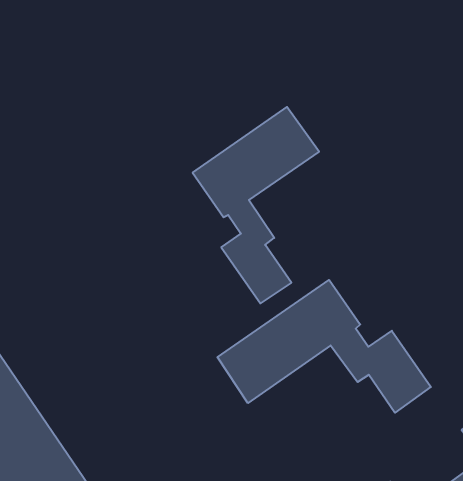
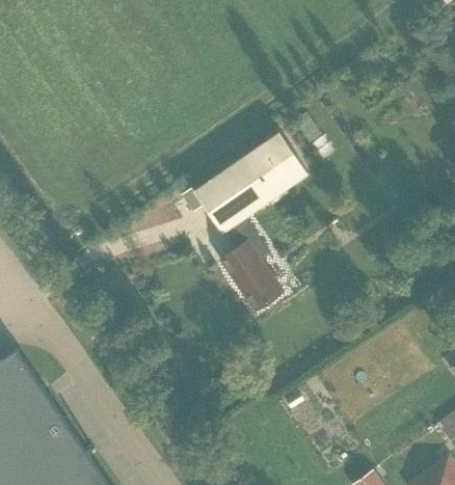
building: [217,280,431,413] -> none

